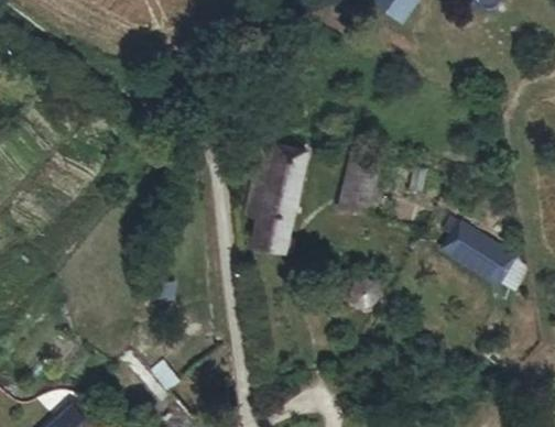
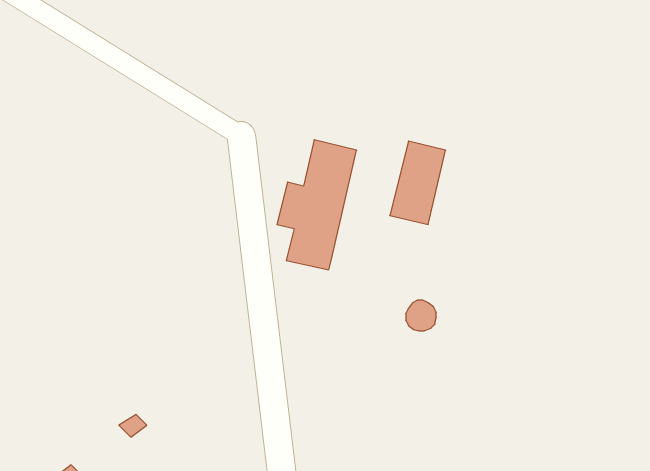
building: [442,226,513,283] -> none

